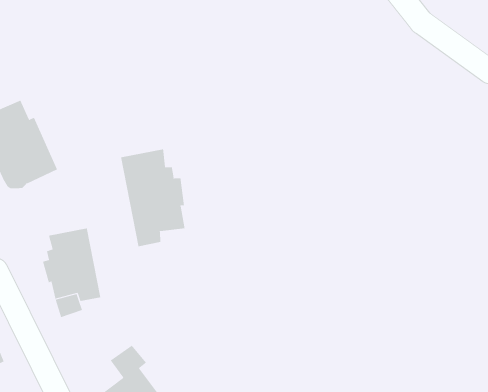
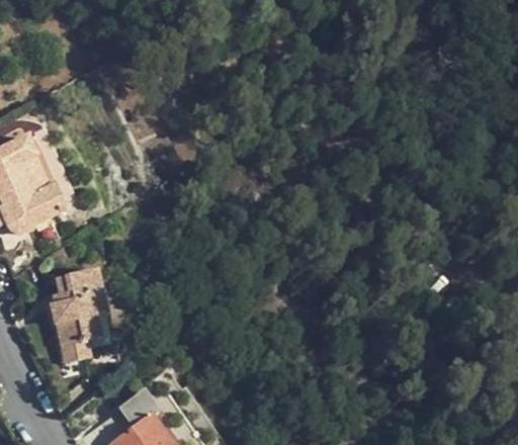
building: [120,149,185,247] -> none

